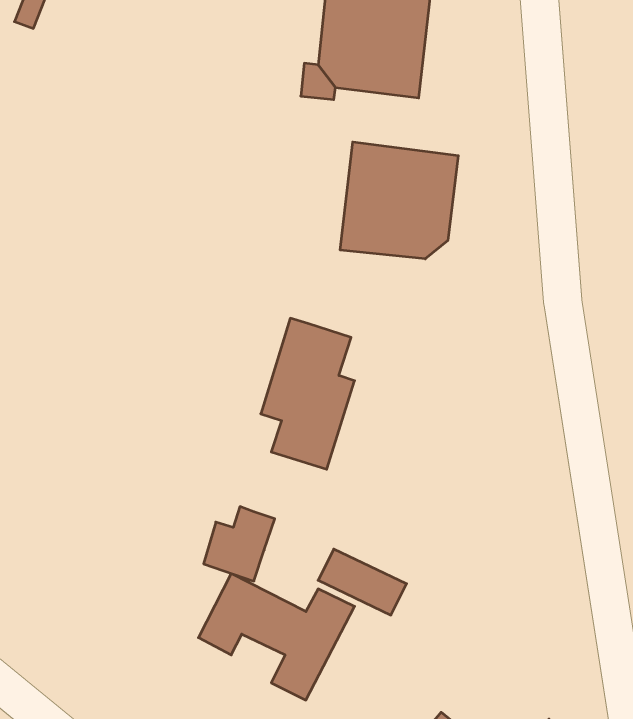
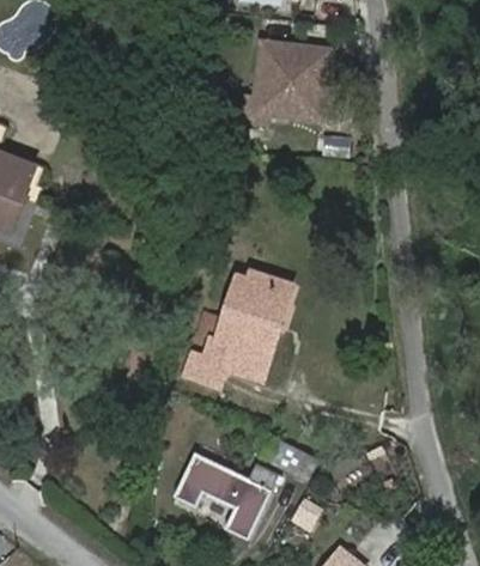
building: [340,142,458,259] -> none
building: [204,507,275,581] -> [182,339,231,390]

